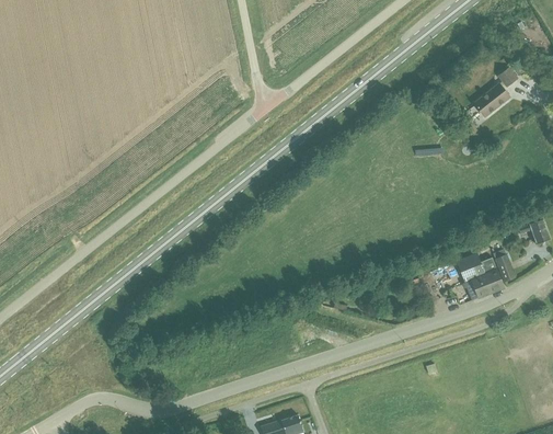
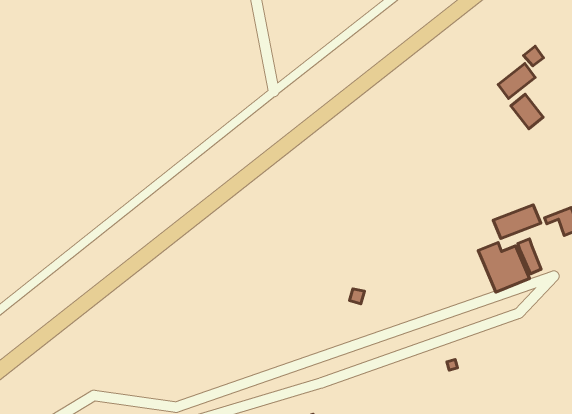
building: none -> [511,94,543,129]
building: none -> [493,205,541,238]

